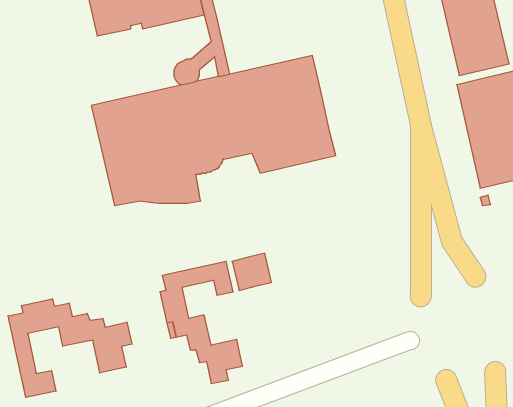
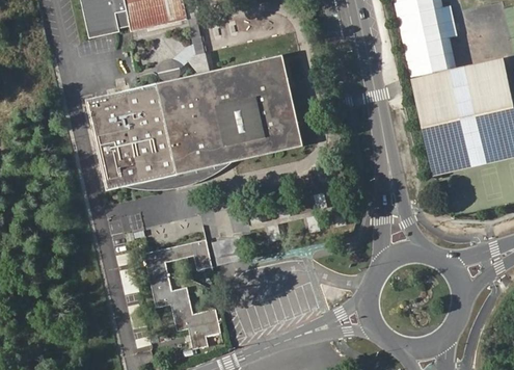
building: none -> [178,142,235,187]
building: [8,299,132,397] -> none

